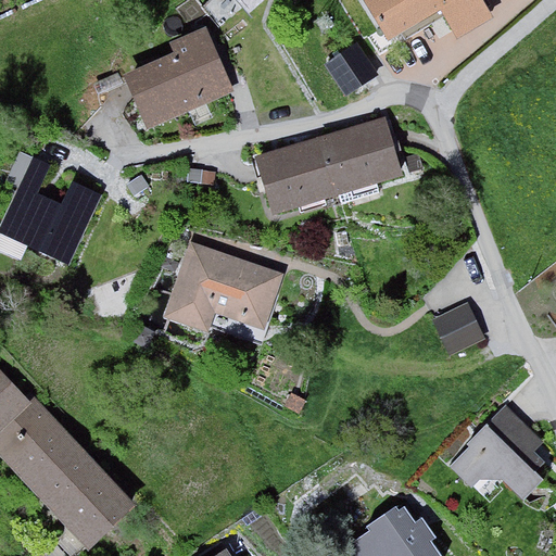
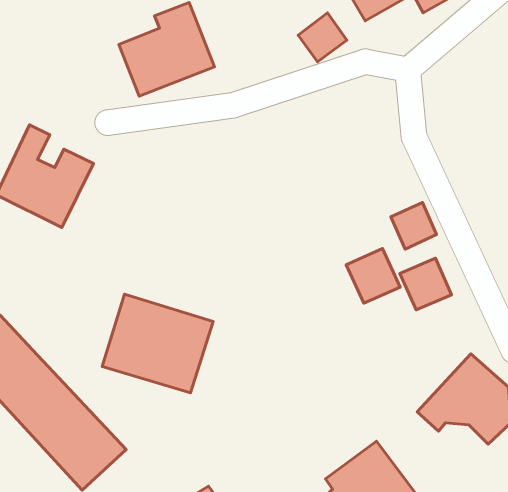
building: [249,115,396,212] -> none
building: none -> [391,203,437,249]
building: [165,244,283,350] -> [102,294,213,393]
building: none -> [346,249,400,303]

